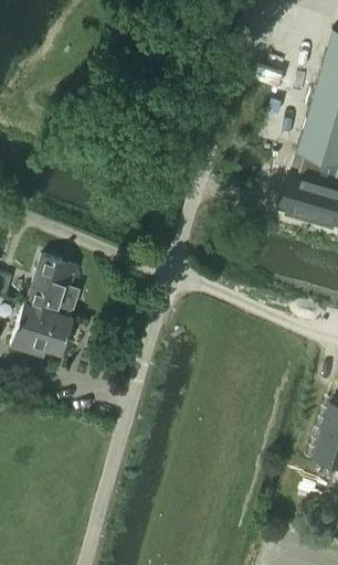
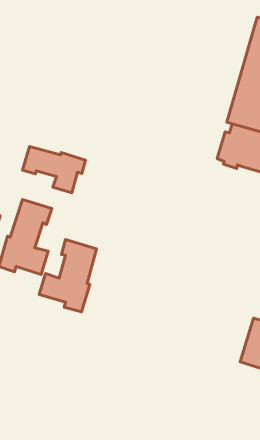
building: none -> [22,146,86,193]
building: none -> [39,239,96,312]

